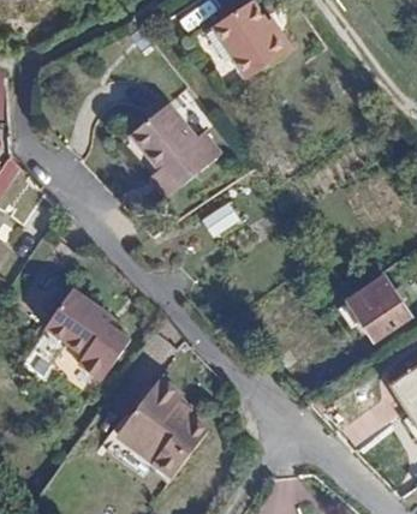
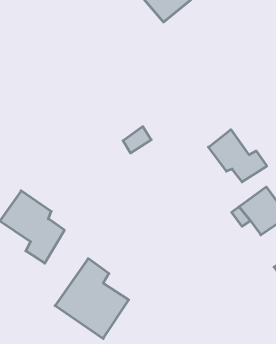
building: [129,106,218,191] -> none
building: none -> [208,130,267,182]

